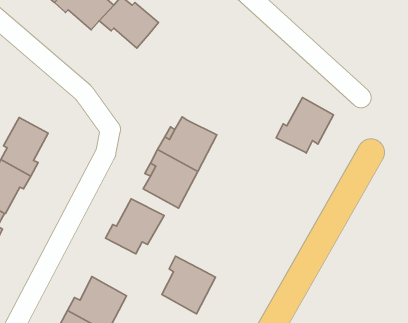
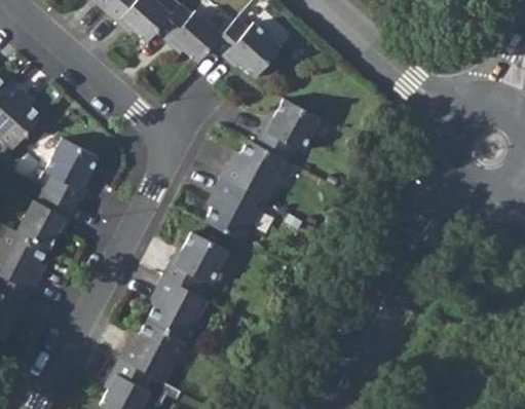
building: none -> [212,16,282,77]
building: [276,97,333,153] -> [255,98,320,160]
building: [162,256,216,314] -> [147,275,208,340]

